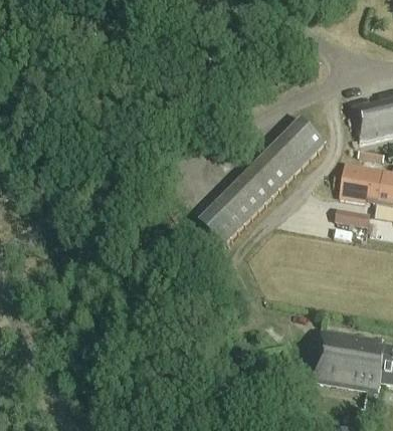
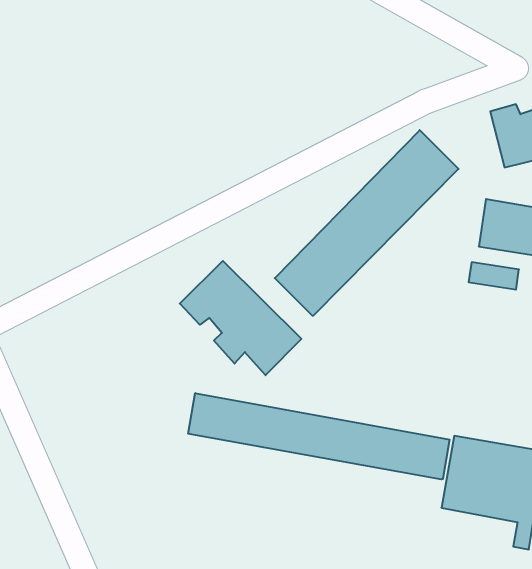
building: none -> [180,261,301,375]
building: none -> [188,393,450,479]

